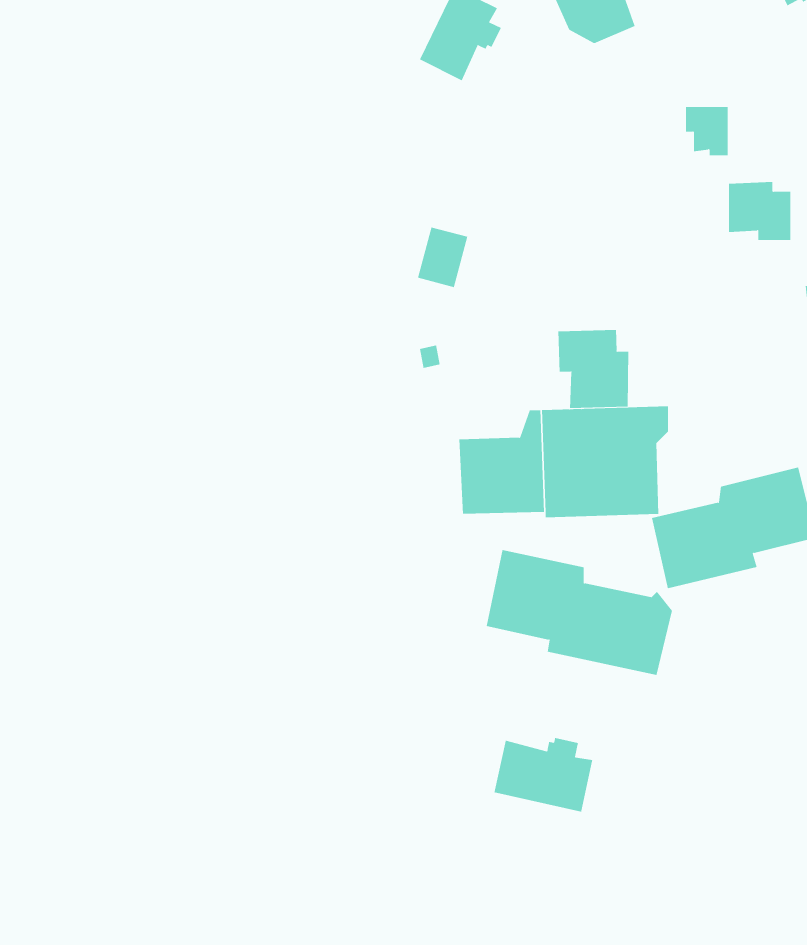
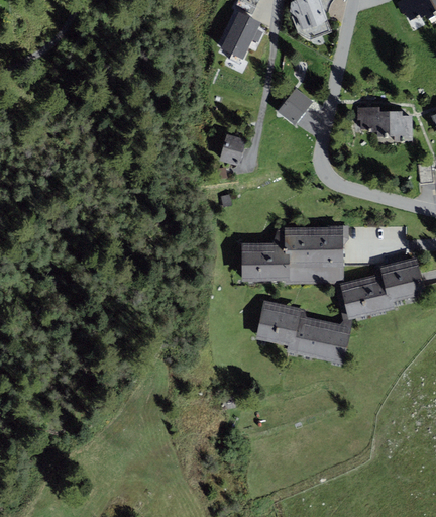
building: [685,106,728,156] -> [357,106,379,131]
building: none -> [277,87,314,125]
building: [558,329,629,409] -> none
building: [494,737,593,813] -> none

